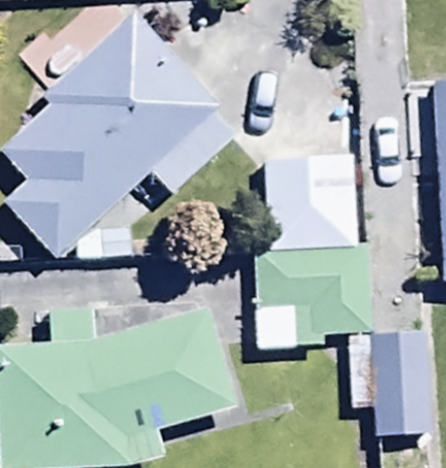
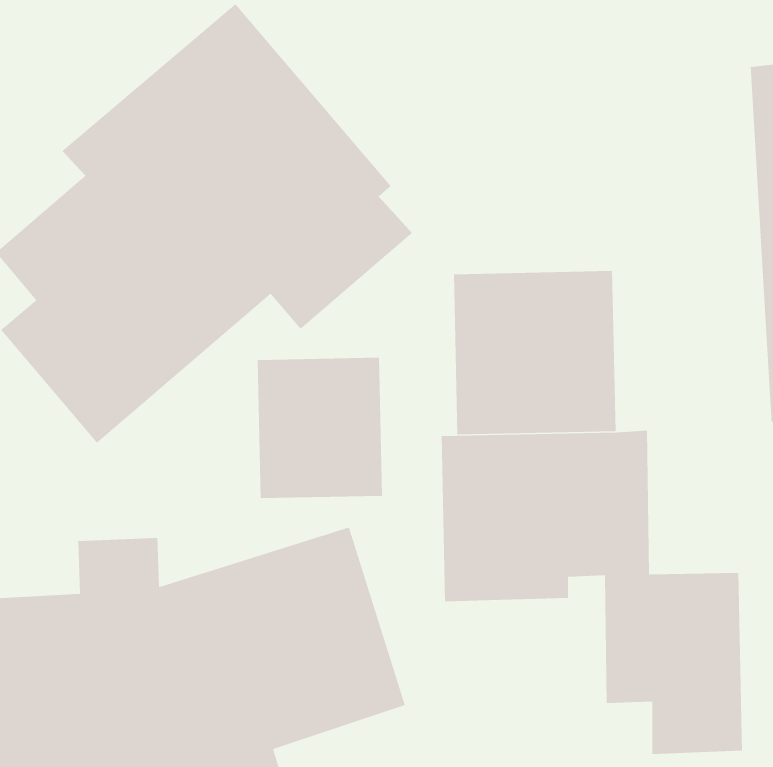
building: none -> [257,357,383,499]

